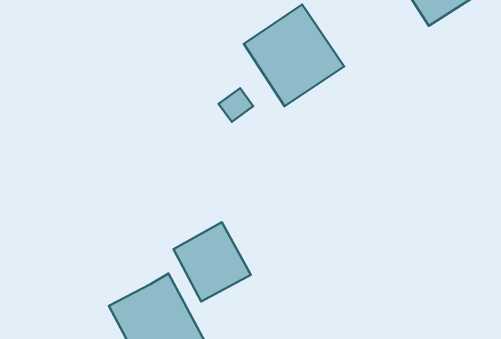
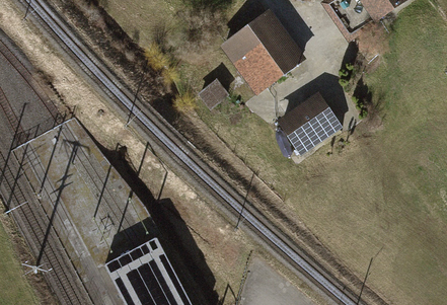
building: none -> [275,92,342,158]
building: [173,222,251,301] -> none

